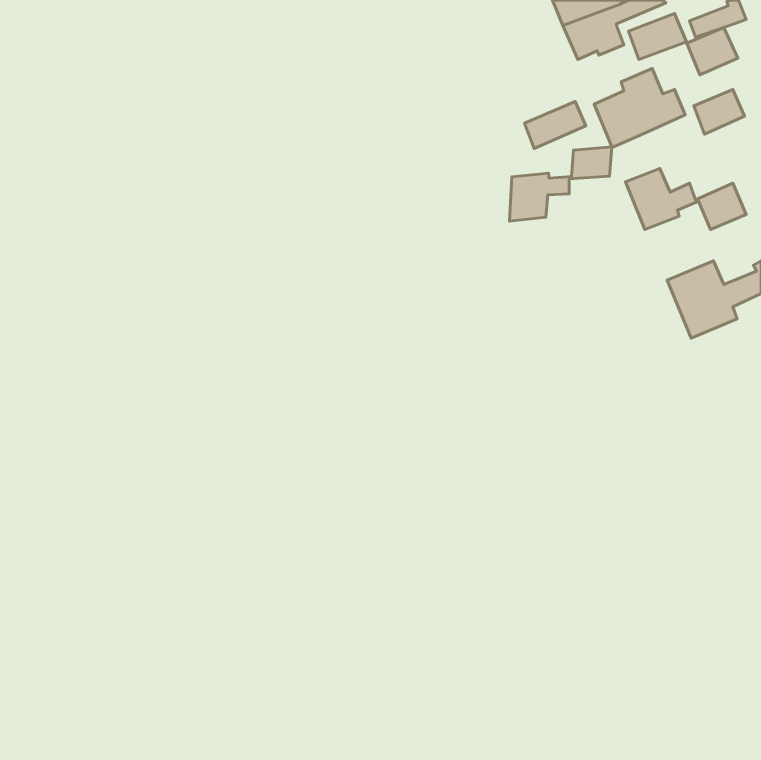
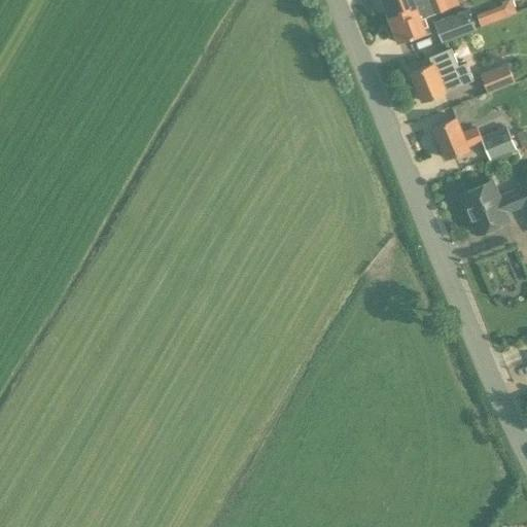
building: [687,27,738,75] -> none
building: [525,102,586,148] -> none
building: [509,147,612,221] -> none

